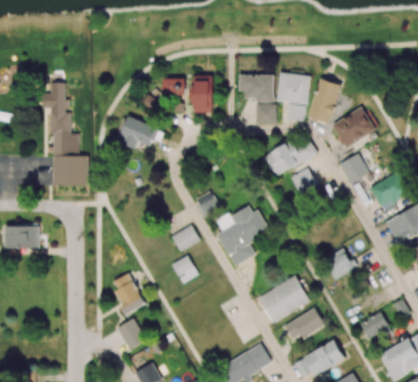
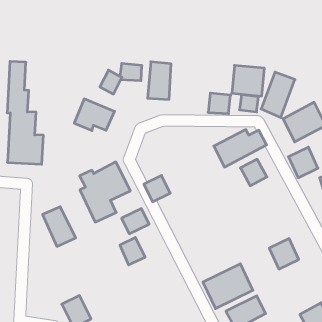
building: [241,77,274,100] -> none
building: [216,203,269,266] -> [80,162,130,222]
building: [111,273,146,314] -> [43,207,76,246]

